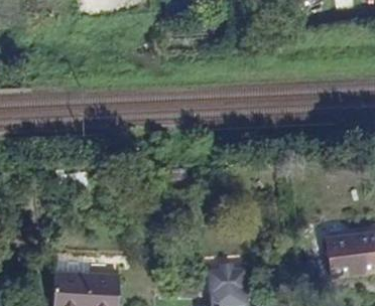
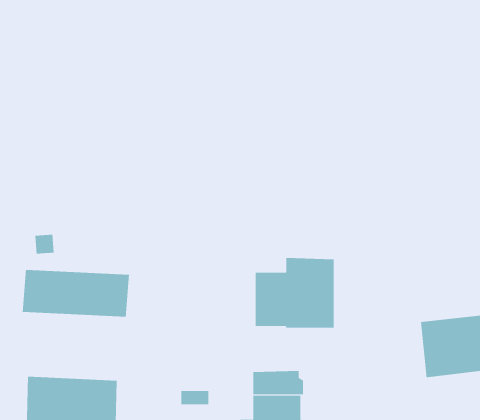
building: none -> [255,257,334,328]
building: none -> [22,269,130,317]

